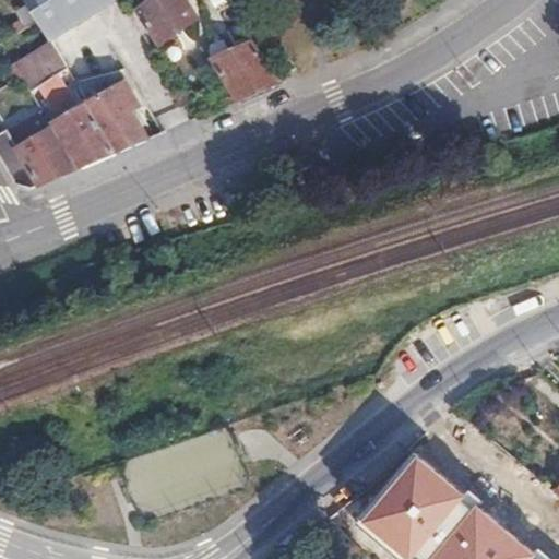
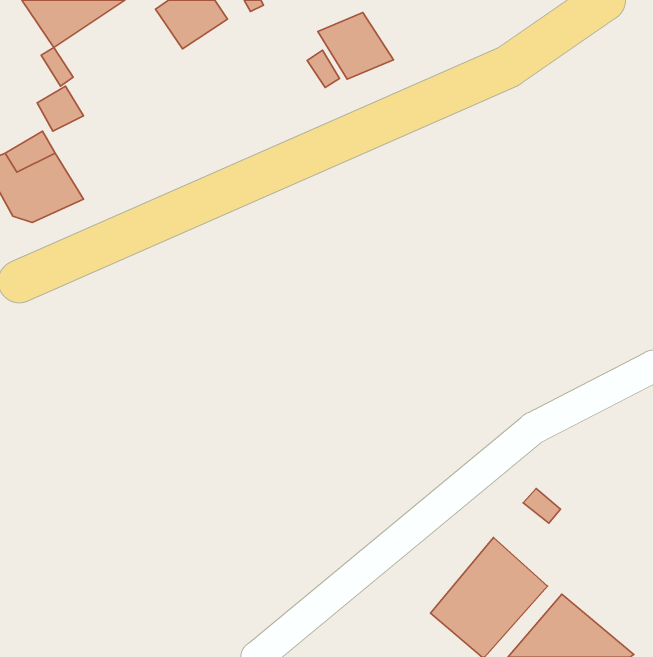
building: [209,41,273,98] -> [318,12,394,79]
building: [50,82,143,167] -> none

